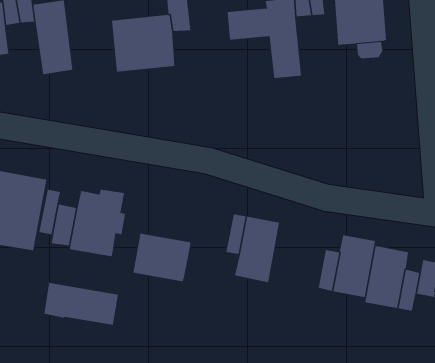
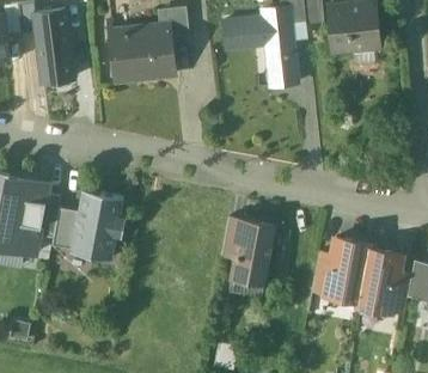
building: [133,233,191,282] -> none
building: [43,281,118,326] -> none

